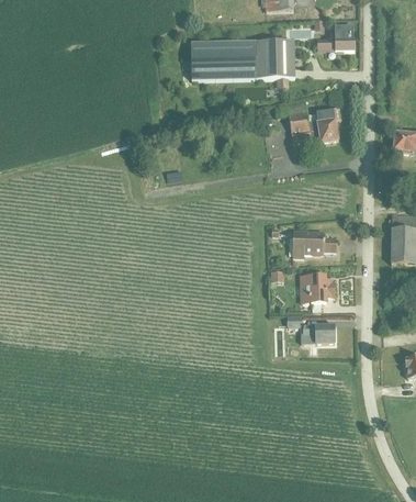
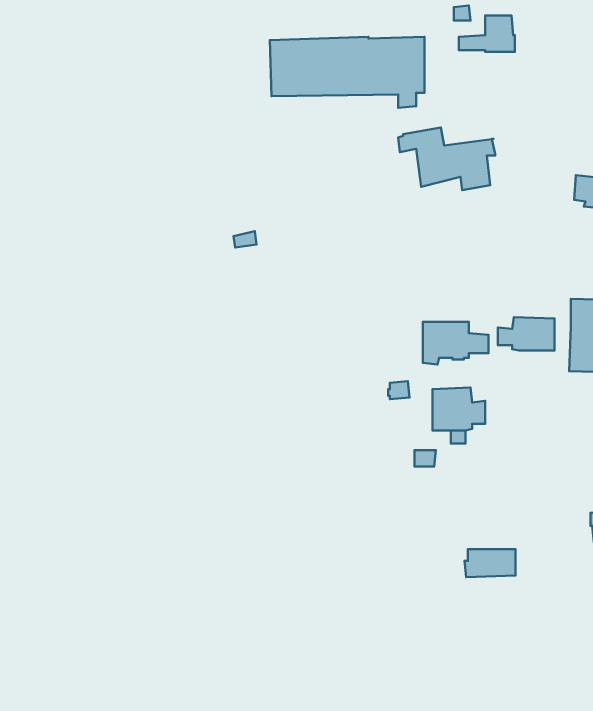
building: none -> [498,317,554,350]
building: [301,325,335,344] -> [465,549,516,577]

